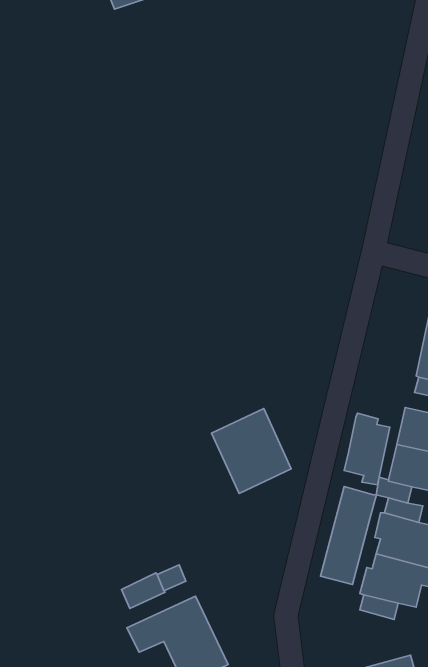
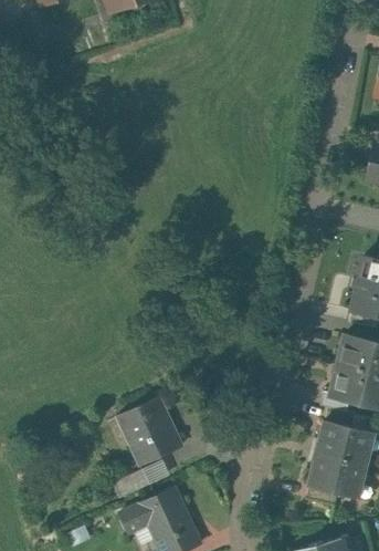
building: [212,409,291,493] -> [118,396,182,465]
building: [344,413,390,485] -> none
building: [321,486,376,585] -> none

